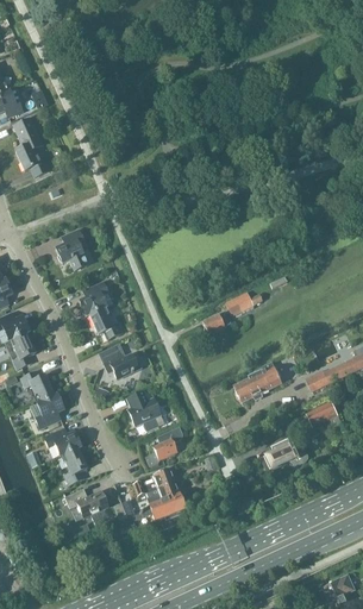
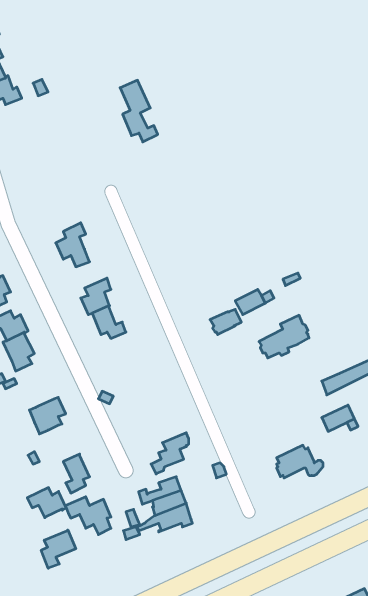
building: [13,117,49,175] -> [120,80,158,142]
building: [101,349,140,377] -> none
building: [234,360,282,401] -> [259,315,309,358]
building: [20,370,54,401] -> none
building: [127,390,161,431] -> none
building: [44,426,81,454] -> [27,488,66,518]
building: none -> [41,530,76,568]

